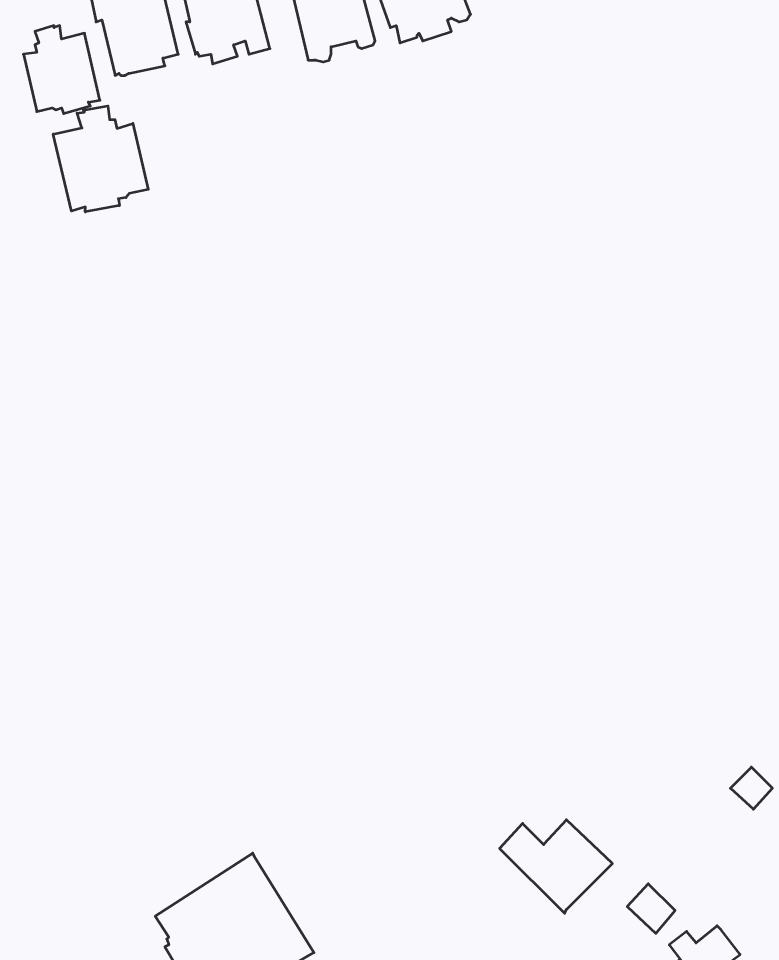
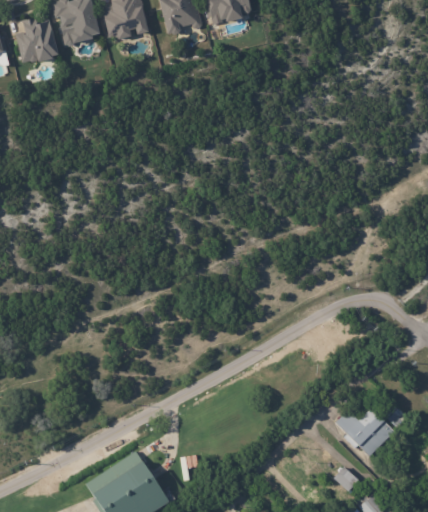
building: [53,106,148,212] -> none
building: [500,820,612,913] -> [337,408,396,457]

